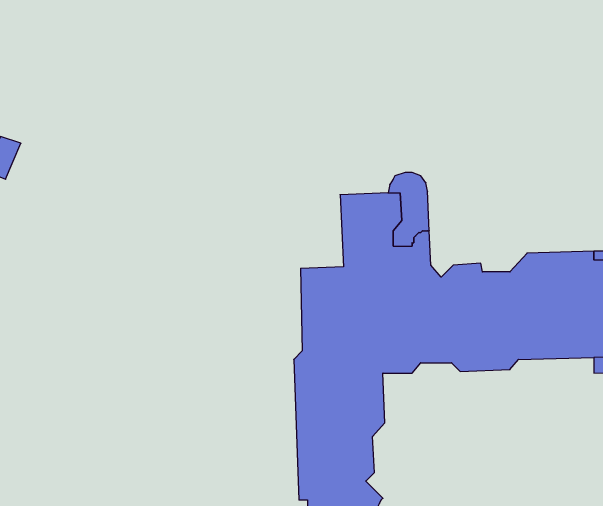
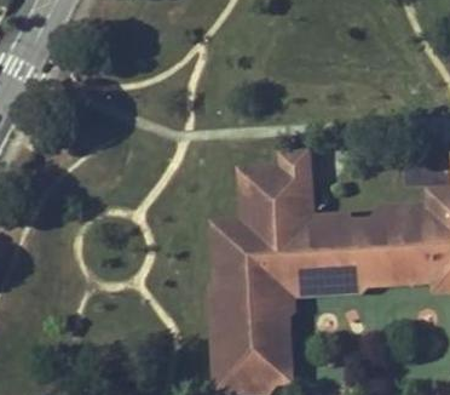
building: none -> [269,293,301,382]

